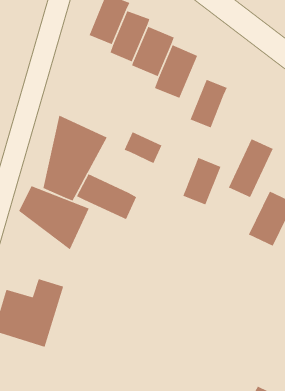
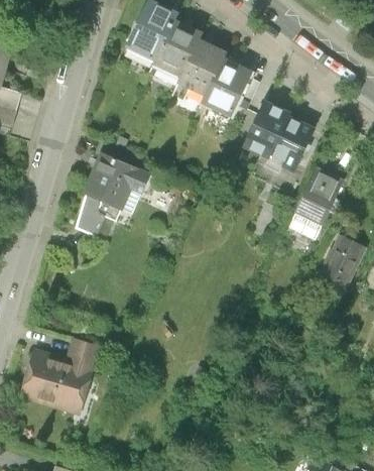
building: [123,131,163,164] -> none
building: [182,157,221,206] -> [267,120,313,176]
building: [76,173,137,220] -> none
building: [18,185,90,251] -> none

